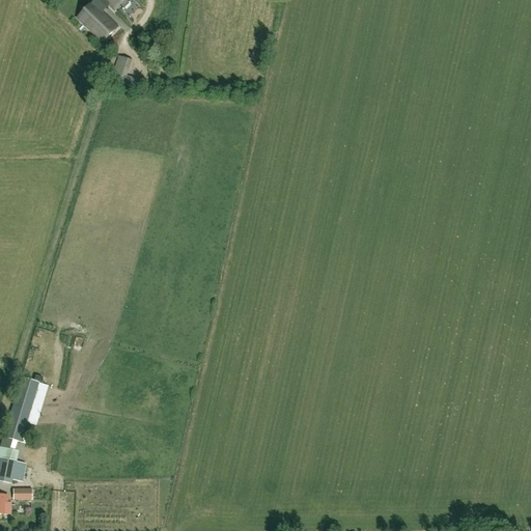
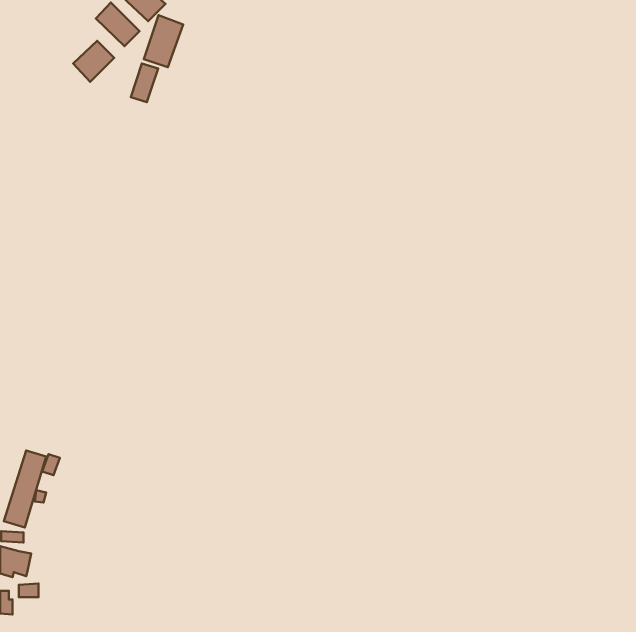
building: none -> [144,15,183,67]
building: none -> [73,41,114,82]

